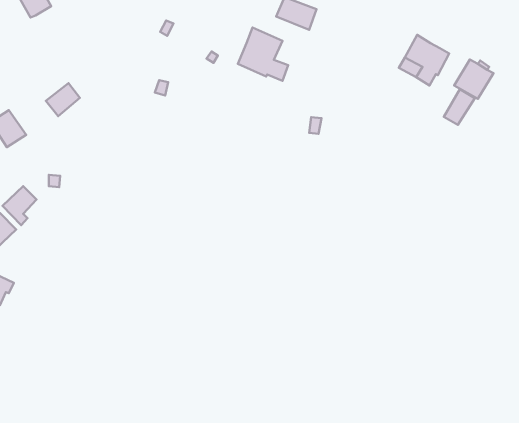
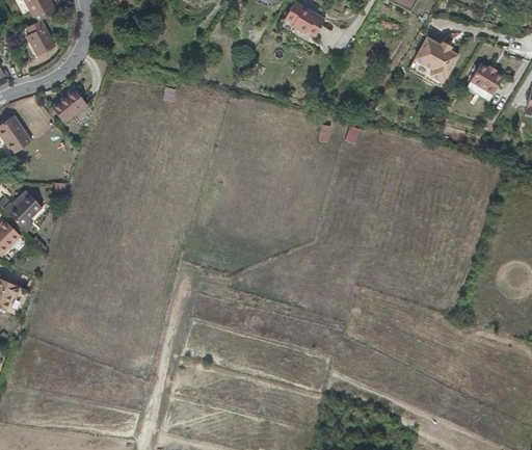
building: none -> [26,20,55,55]
building: [238,28,288,81] -> none
building: [444,89,475,125] -> none

